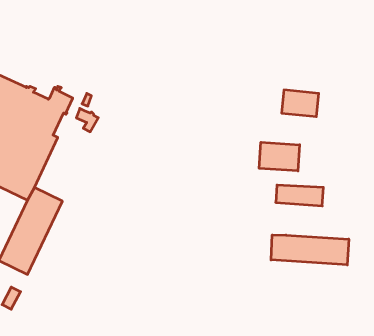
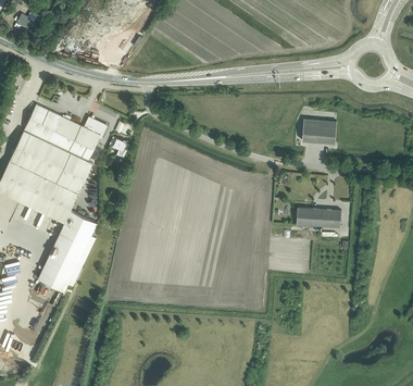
building: [259,142,300,171] -> none
building: [271,235,349,265] -> none

